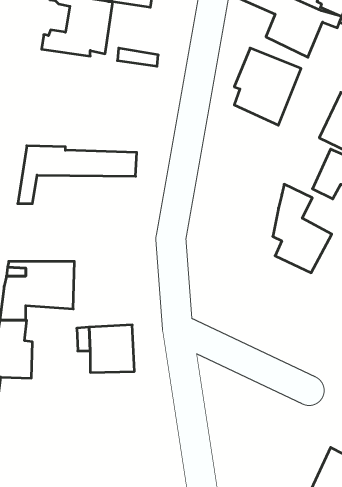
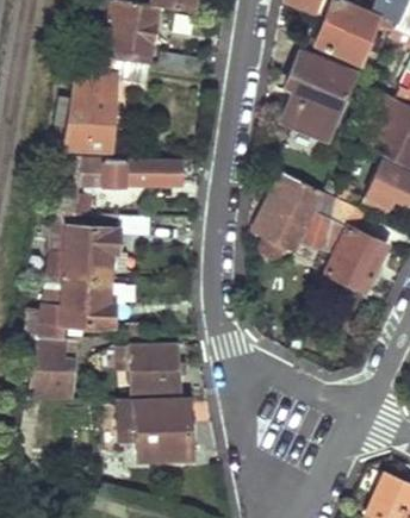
building: none -> [67,56,144,152]
building: none -> [256,173,337,256]
building: none -> [48,218,118,279]
building: none -> [128,400,197,461]

